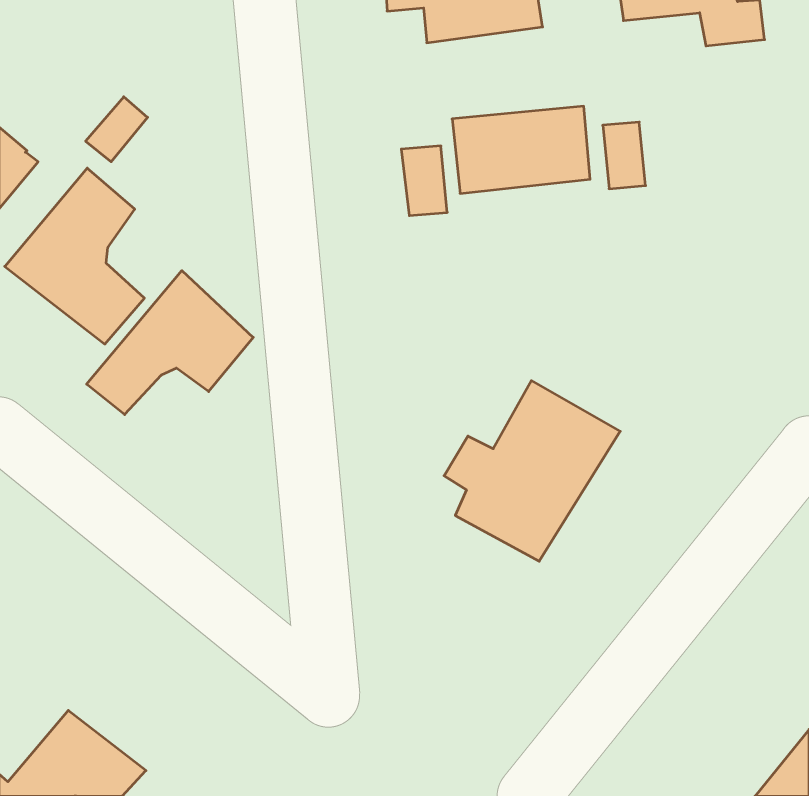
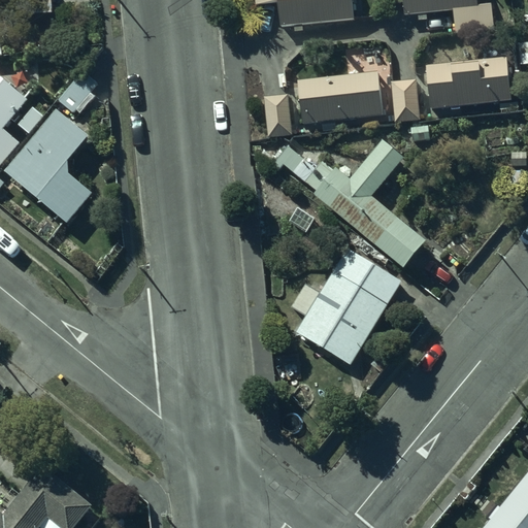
building: none -> [425,52,513,110]
building: none -> [270,139,428,270]
building: [87,271,253,415] -> none

